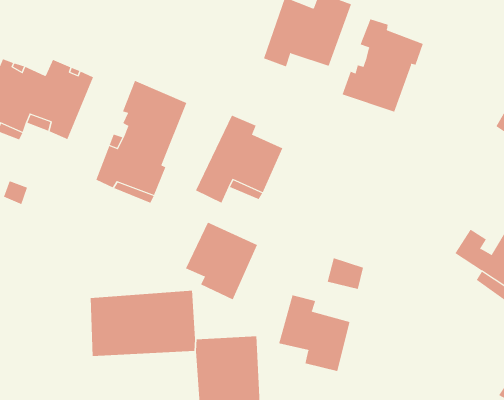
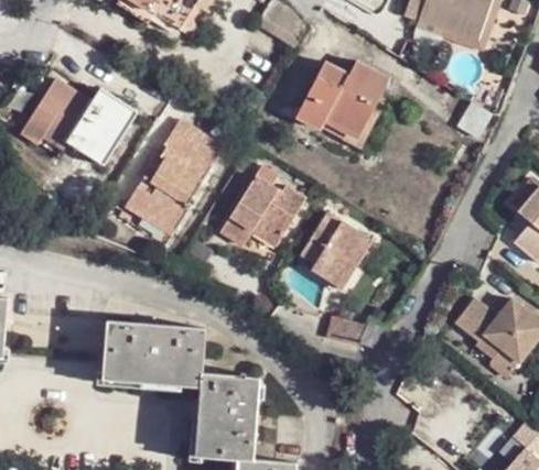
building: [342,18,424,113] -> none
building: [185,222,258,300] -> [299,217,369,293]
building: [278,295,350,372] -> none

